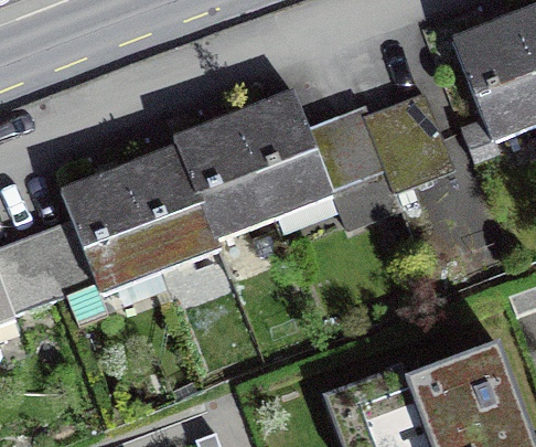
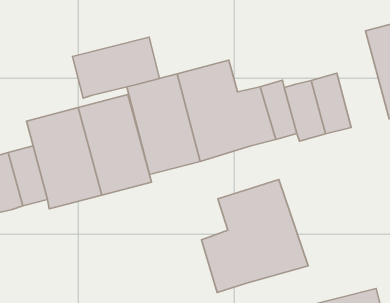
building: none -> [72,37,159,98]
building: none -> [202,180,308,293]

